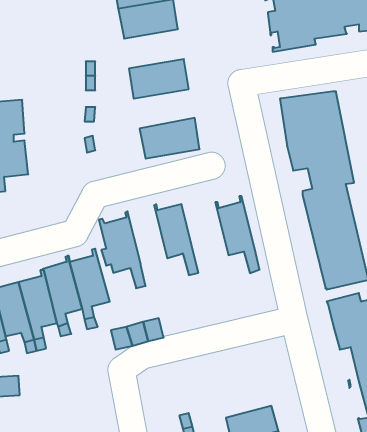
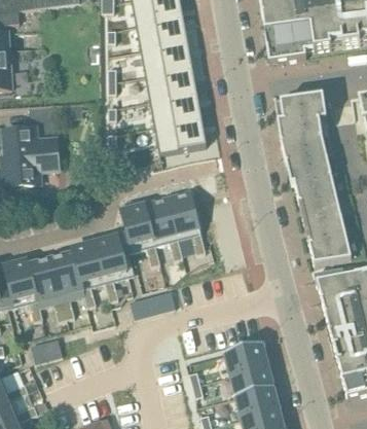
building: none -> [142,41,193,75]
building: none -> [150,93,203,127]
building: [215,196,260,273] -> [145,192,183,258]
building: none -> [223,342,268,374]

